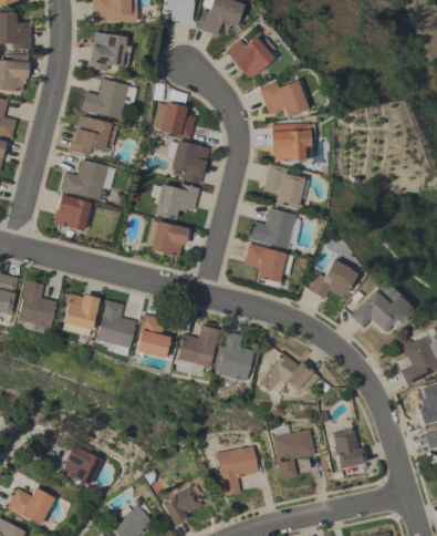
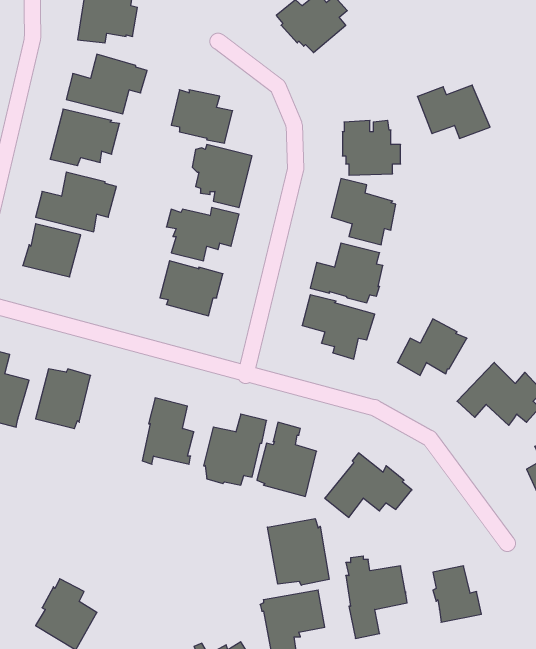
building: [259,80,309,116] -> [417,85,490,138]
building: [95,299,135,355] -> none
building: none -> [267,519,329,585]

